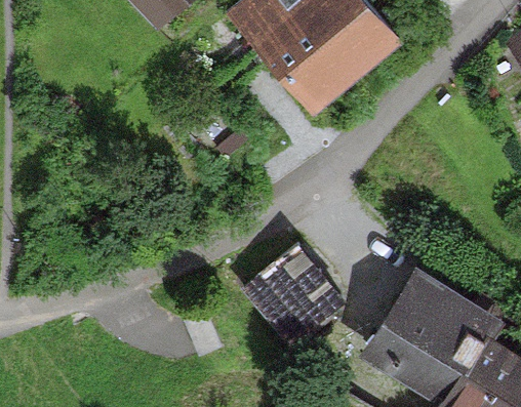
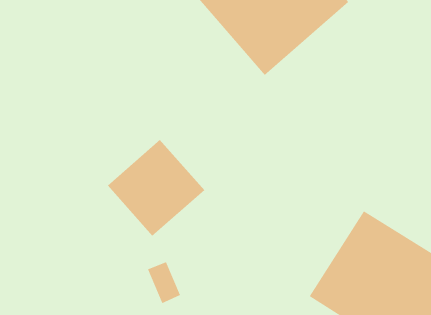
building: [243,241,348,344] -> [107,139,205,236]

